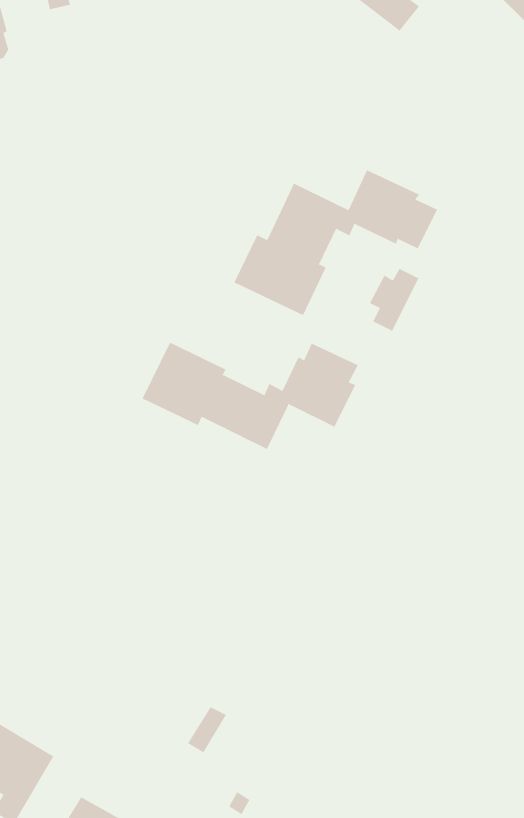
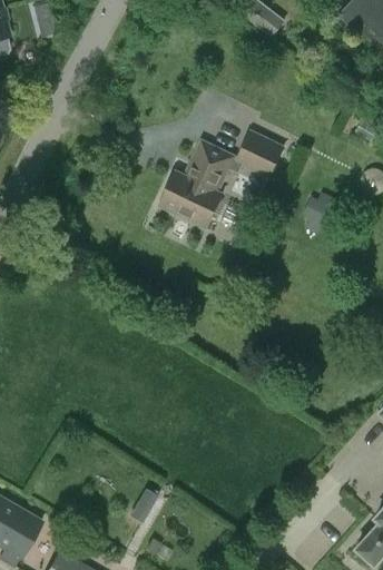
building: [369,268,419,331] -> [302,191,335,234]
building: [142,342,359,450] -> none

